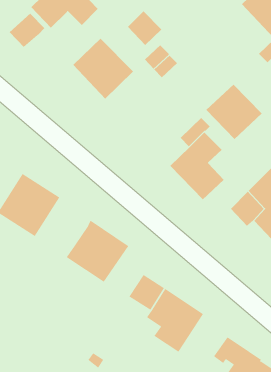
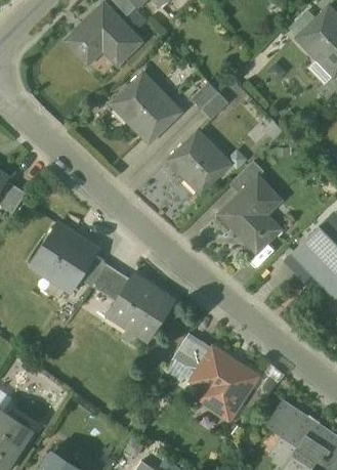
building: [127,11,162,46] -> none
building: [9,13,45,48] -> none
building: [206,84,263,140] -> [168,131,230,193]
building: none -> [92,265,129,301]

